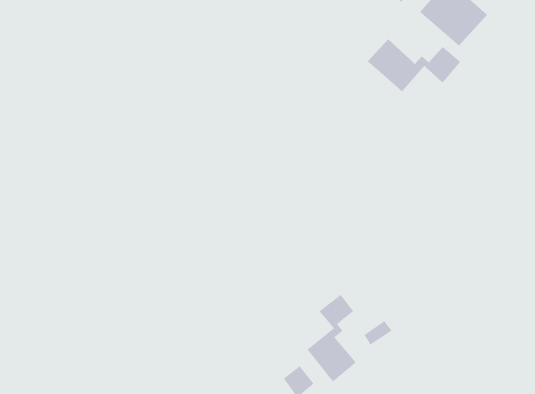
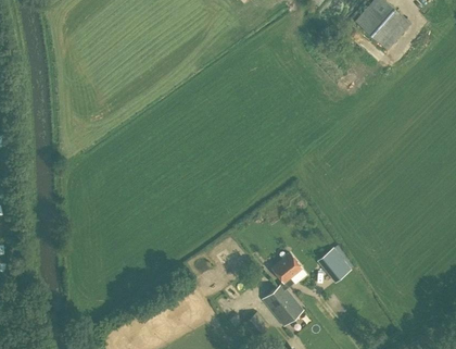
building: [367,39,461,92] -> none
building: none -> [317,247,351,282]

